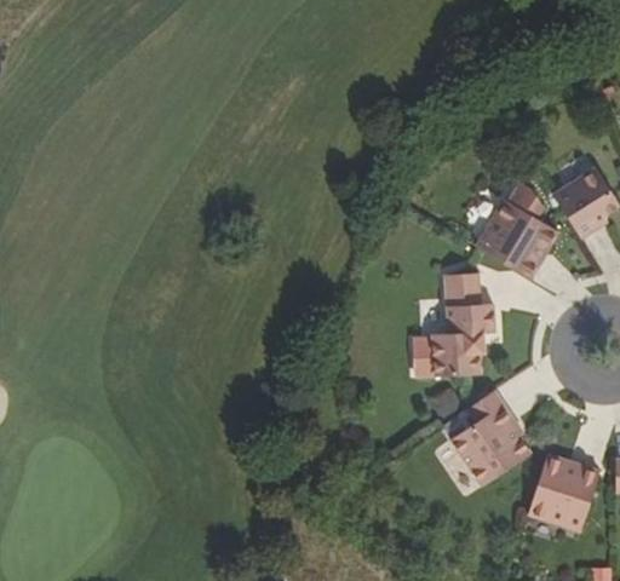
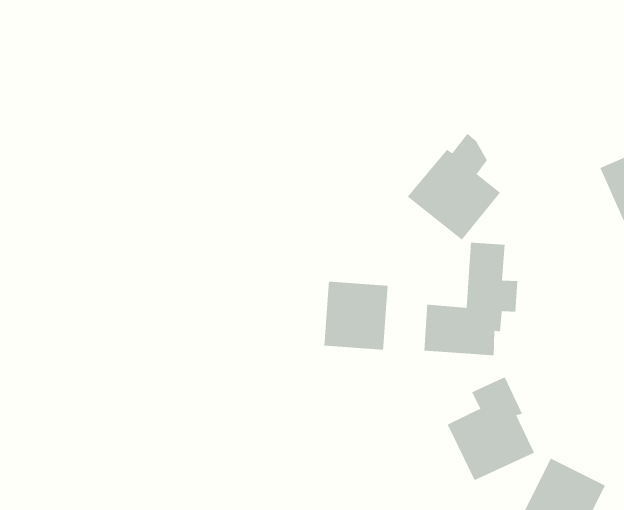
building: [473,182,556,277] -> [407,133,501,241]
building: none -> [324,281,388,351]

